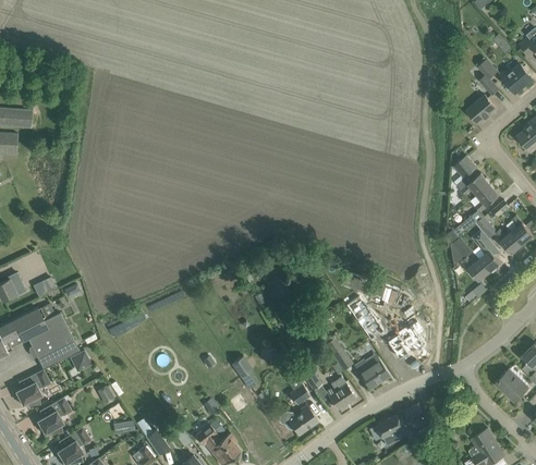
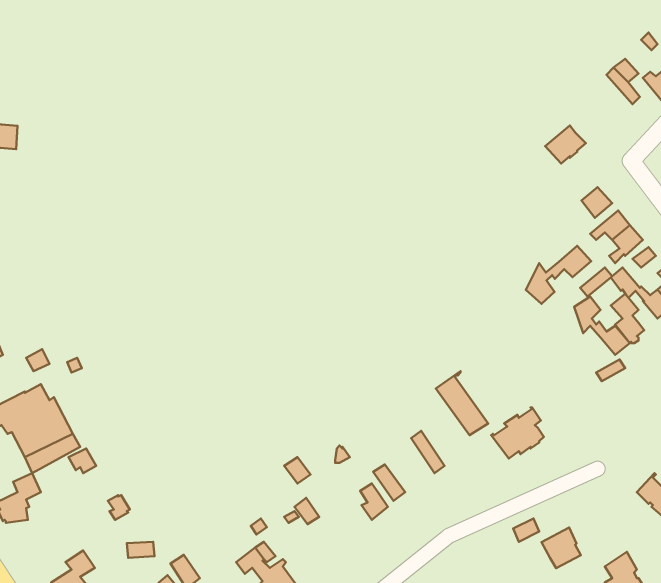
building: [465,95,496,123] -> [545,126,586,164]
building: none -> [526,246,591,304]
building: [355,360,388,388] -> none
building: [326,376,355,409] -> none
building: [37,397,71,436] -> none
building: [278,404,317,435] -> none
building: [375,415,404,445] -> [542,527,581,568]

